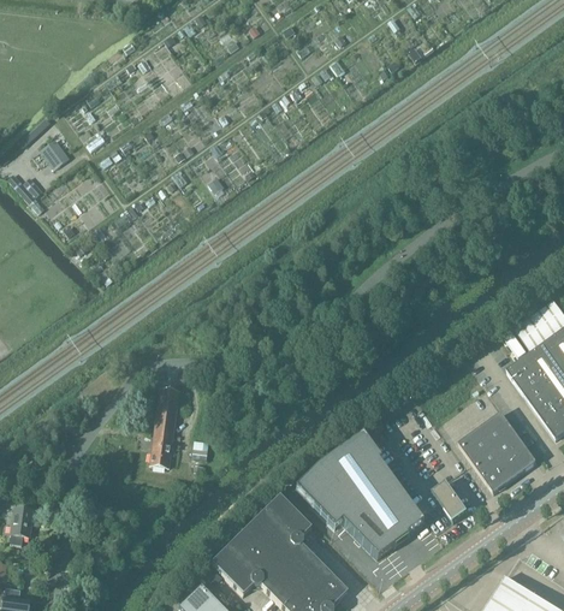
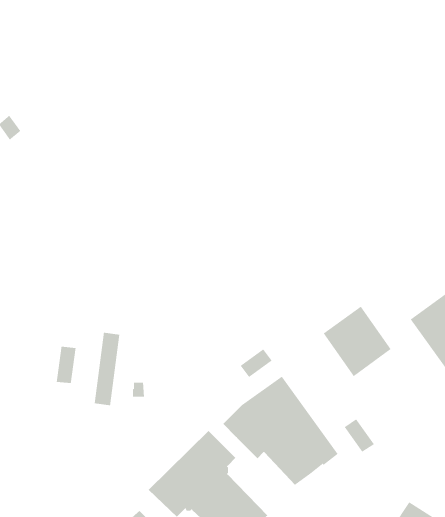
building: none -> [56,346,76,384]
building: none -> [240,349,272,378]
building: [458,411,536,492] -> [323,306,392,377]

